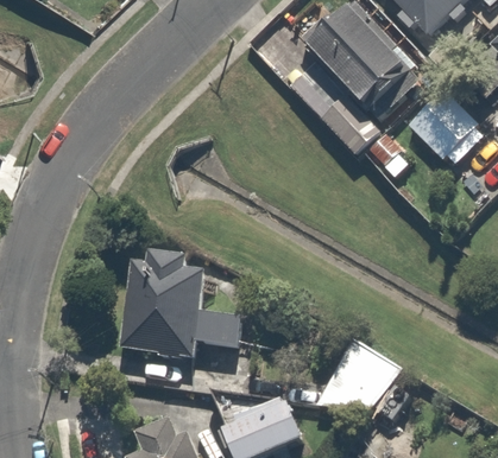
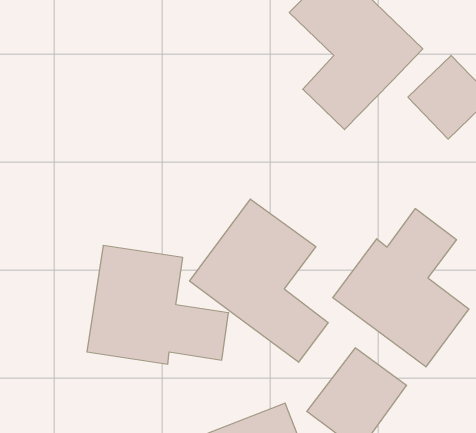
building: none -> [190,199,328,362]
building: none -> [333,209,469,367]

